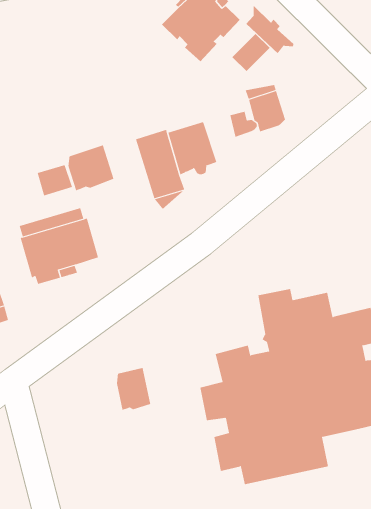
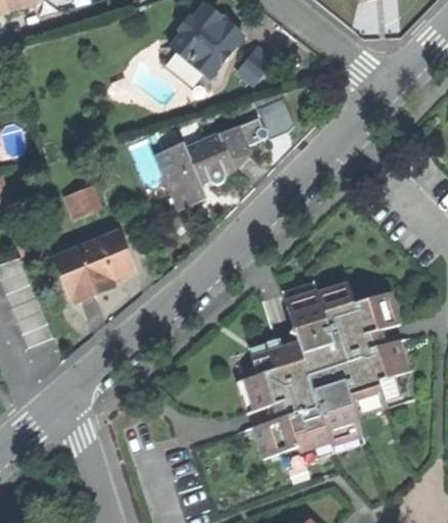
building: [246,6,294,54] -> [161,46,208,89]
building: none -> [217,125,250,170]
building: [68,145,114,191] -> none
building: [116,367,151,410] -> none

